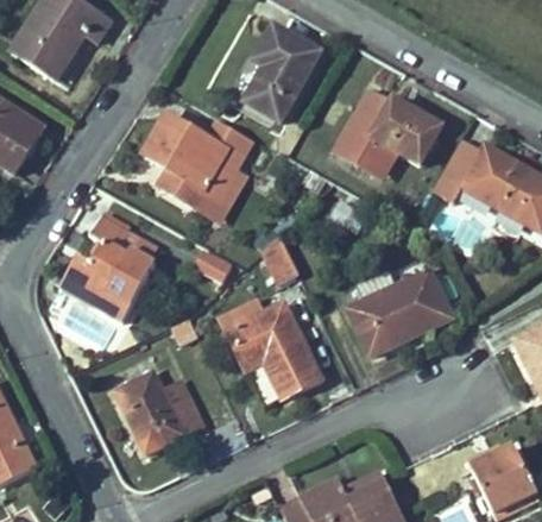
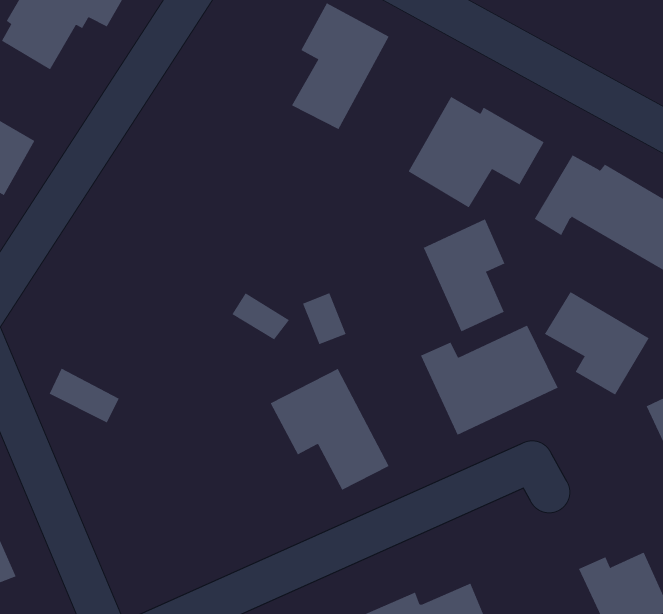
building: [143,108,247,215] -> none
building: none -> [422,219,505,332]
building: [69,214,160,323] -> none
building: none -> [544,291,650,396]
building: [111,366,202,453] -> none

